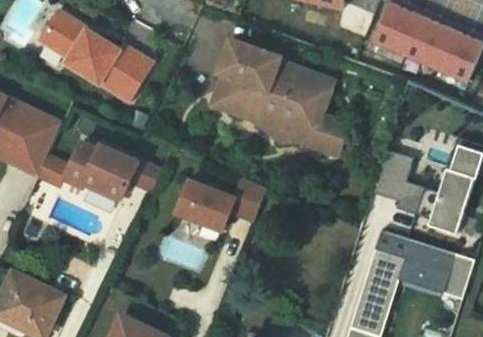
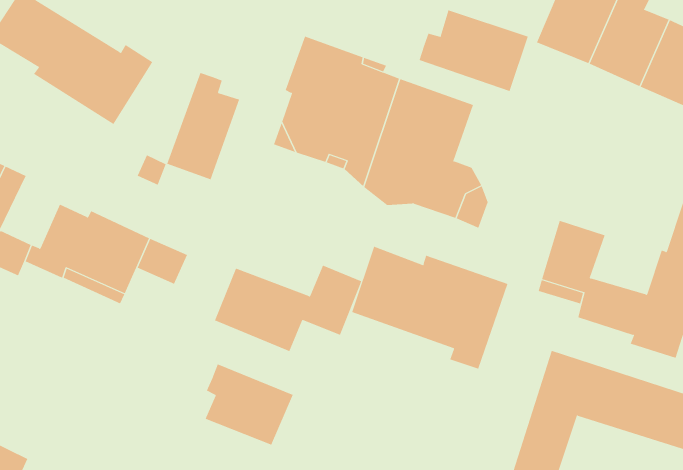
building: none -> [419,10,528,92]
building: none -> [166,72,240,180]
building: none -> [352,246,508,369]
building: none -> [205,363,293,446]

